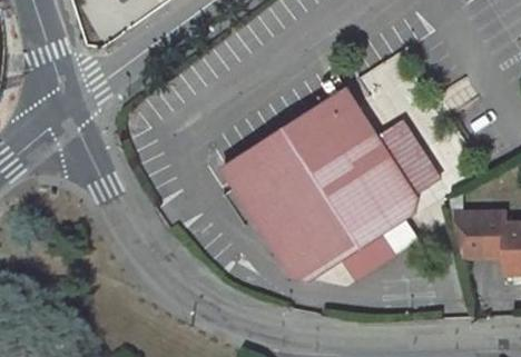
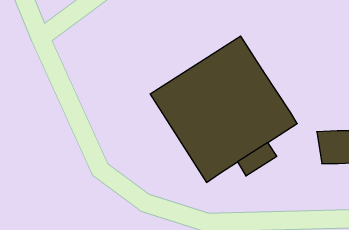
building: [377,118,439,191] -> none

